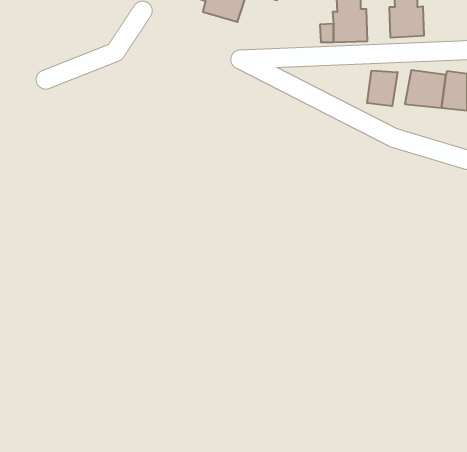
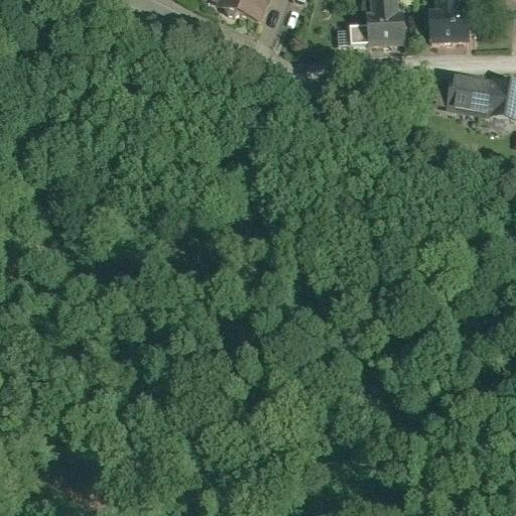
building: [367,71,398,106] -> none

